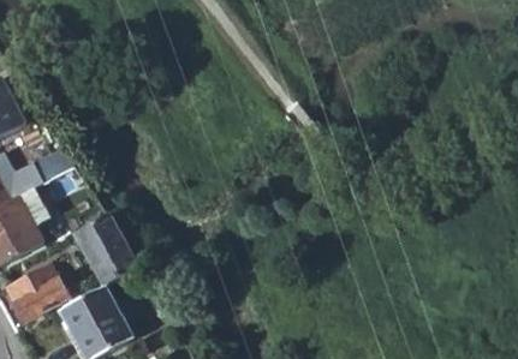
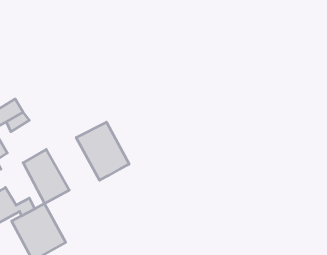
building: none -> [76,122,129,180]

